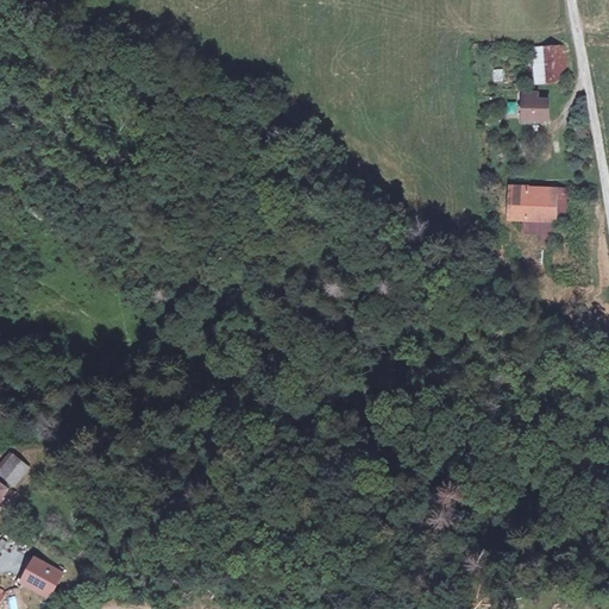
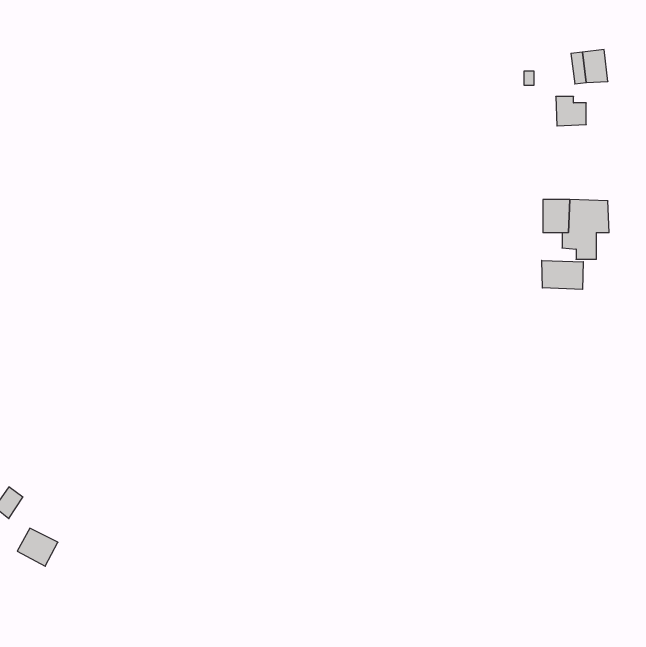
building: none -> [542,260,583,289]
building: [19,559,57,595] -> [17,528,58,566]

